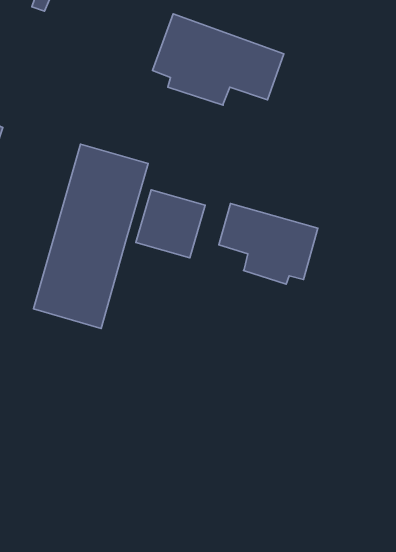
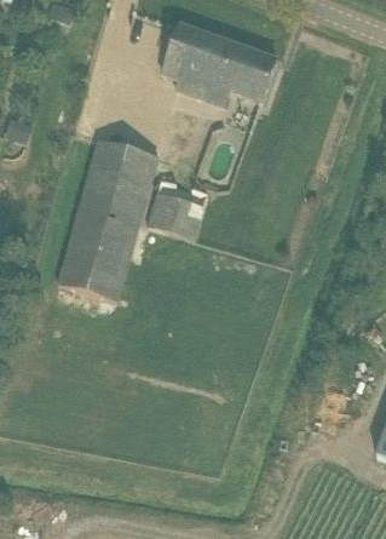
building: [219,203,318,284] -> none

